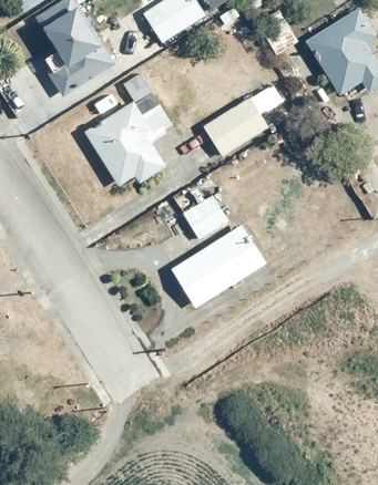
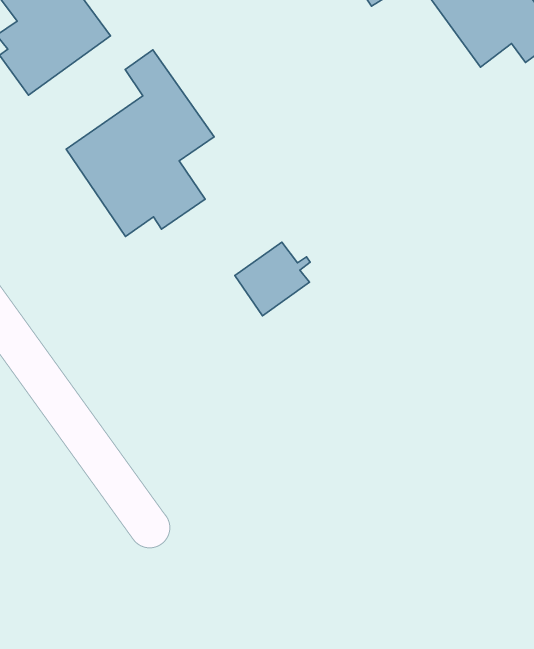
building: [203,84,282,156] -> none
building: [170,224,266,308] -> none

